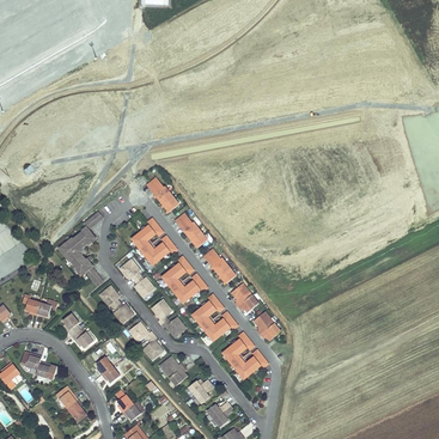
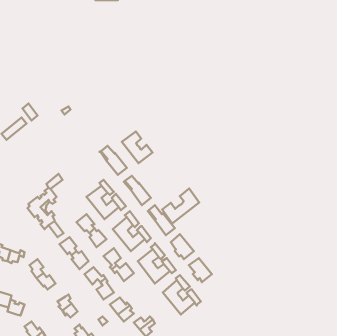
building: none -> [122,131,152,163]
building: none -> [162,189,199,224]

